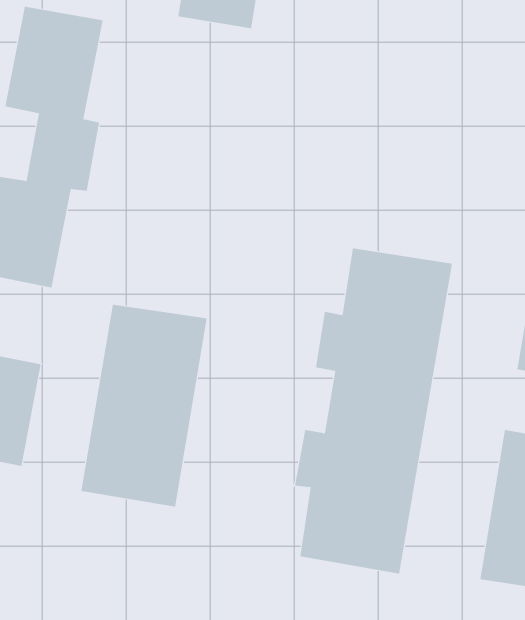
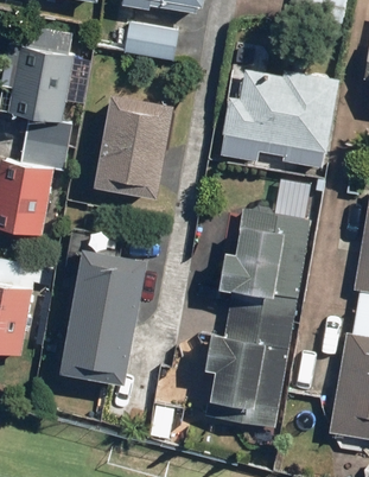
building: none -> [218,70,339,165]
building: none -> [94,94,172,197]

